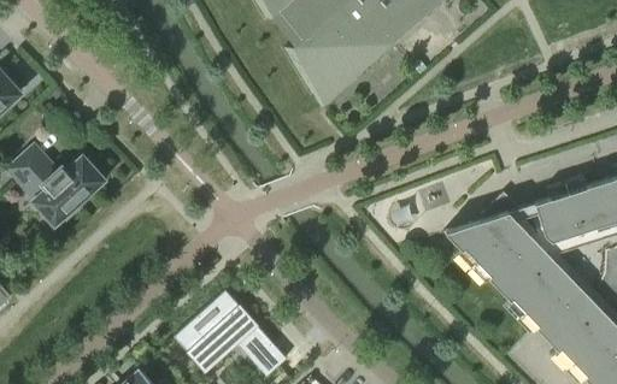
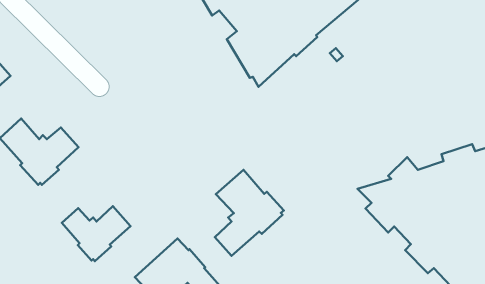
building: none -> [215,170,284,256]
building: none -> [62,206,131,261]

